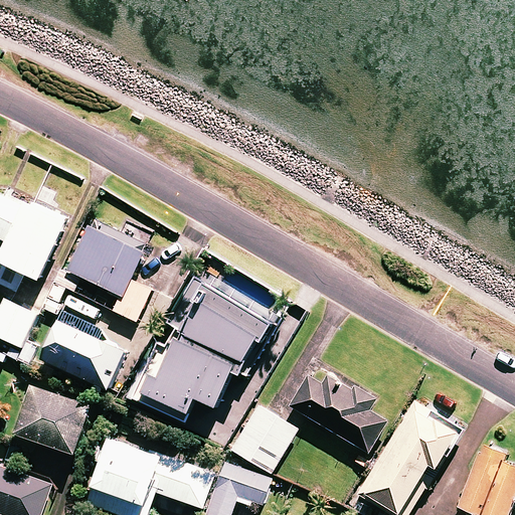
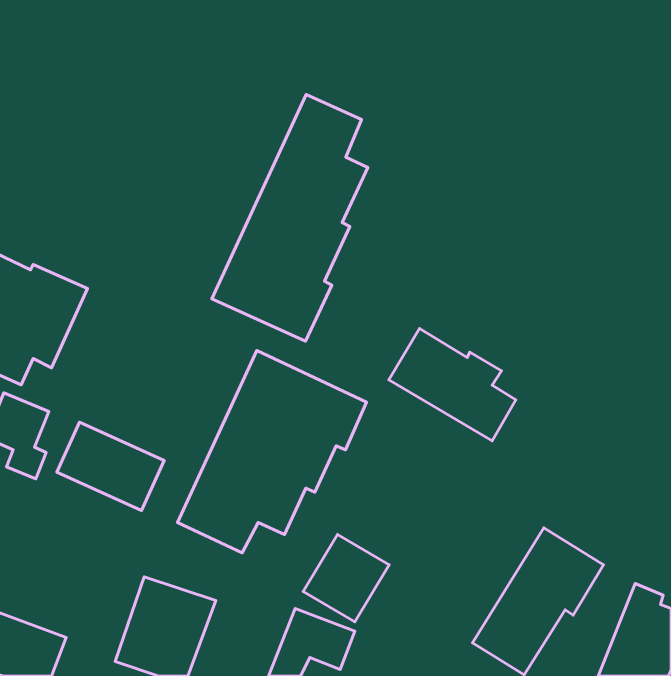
building: none -> [212,95,368,341]
building: [67,225,150,322] -> none
building: [289,367,385,453] -> [389,328,516,441]
building: [16,385,91,454] -> none
building: [159,459,213,508] -> none

